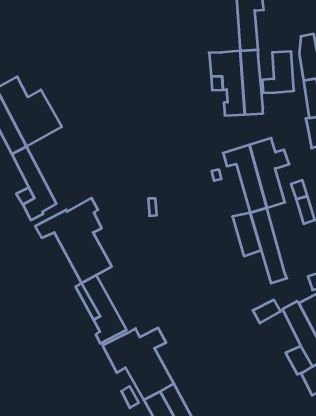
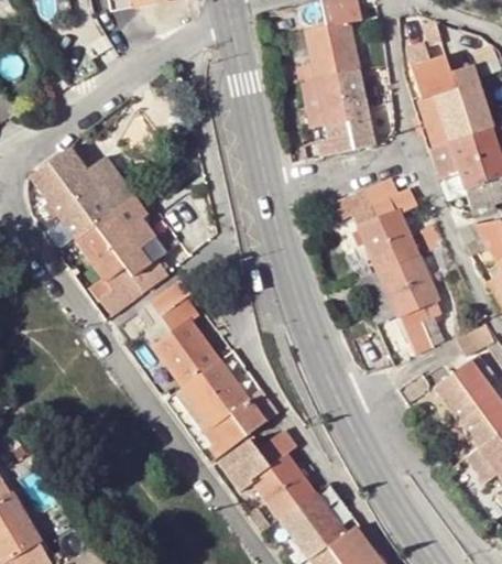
building: [262,52,294,93] -> [297,28,338,83]
building: none -> [94,198,167,293]
building: none -> [397,252,443,339]
building: none -> [200,360,277,435]

